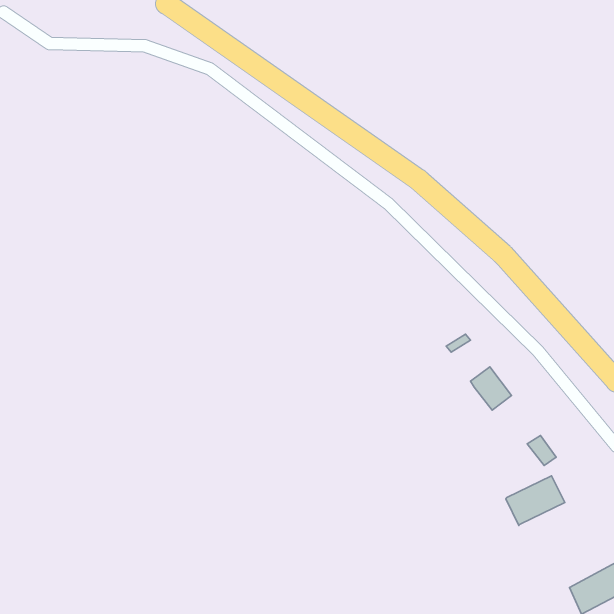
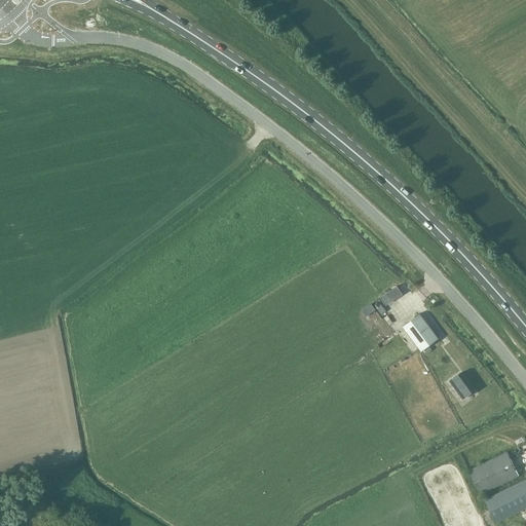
building: [506,476,565,525] -> [471,452,521,494]

